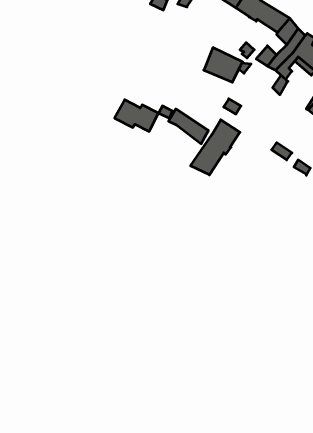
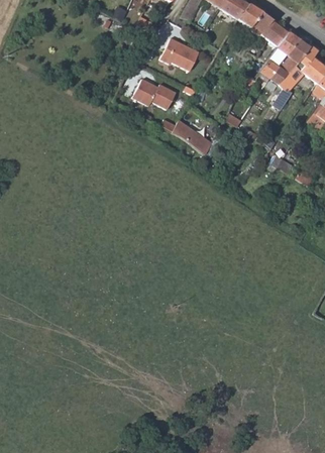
building: [204,48,243,82] -> [161,36,200,71]
building: [115,100,158,131] -> [132,78,176,109]
building: [191,120,240,175] -> none

